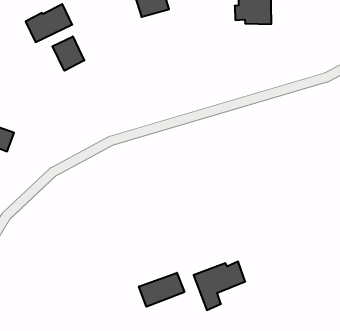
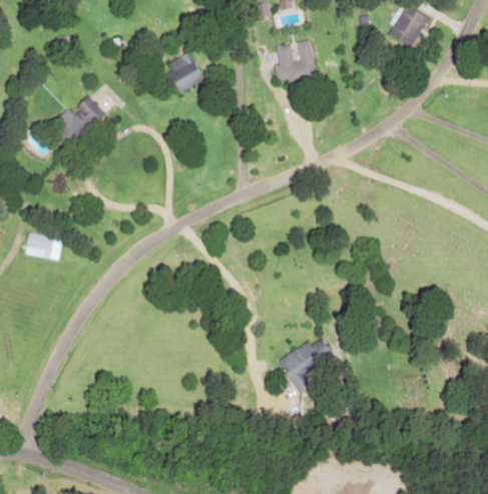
building: [53,36,84,71] -> none
building: [139,273,184,307] -> none

